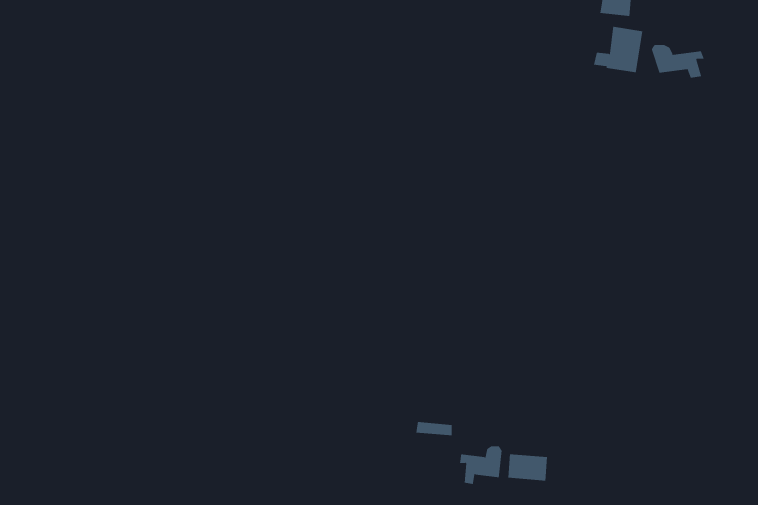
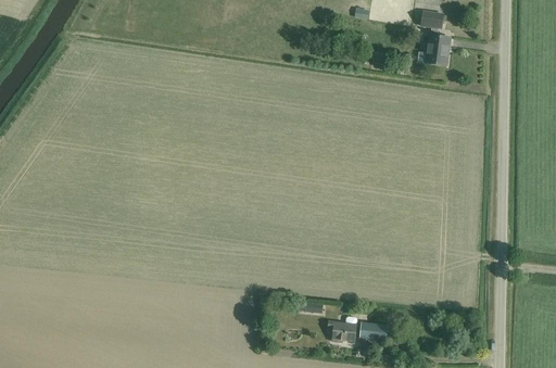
building: [651,44,705,79] -> none

